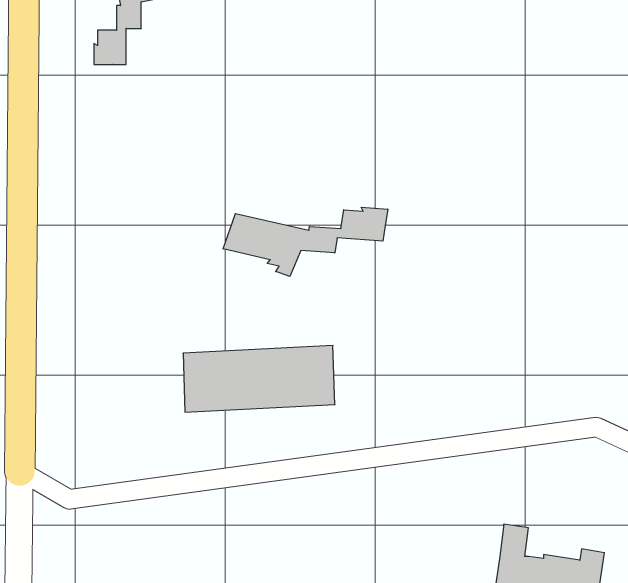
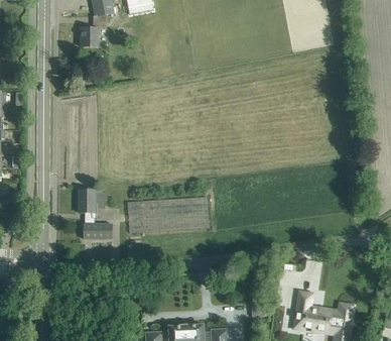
building: [223,207,388,276] -> none
building: none -> [79,190,111,238]

